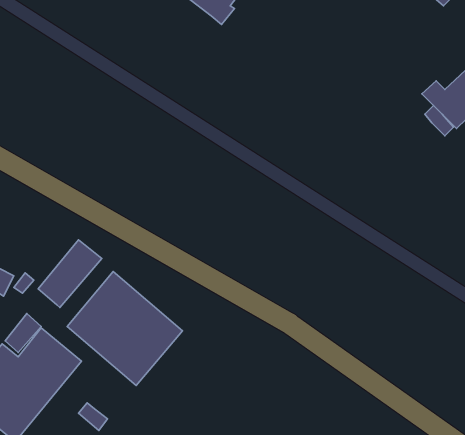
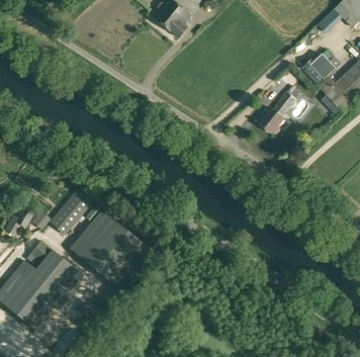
building: none -> [301,53,336,84]
building: none -> [259,91,295,133]

